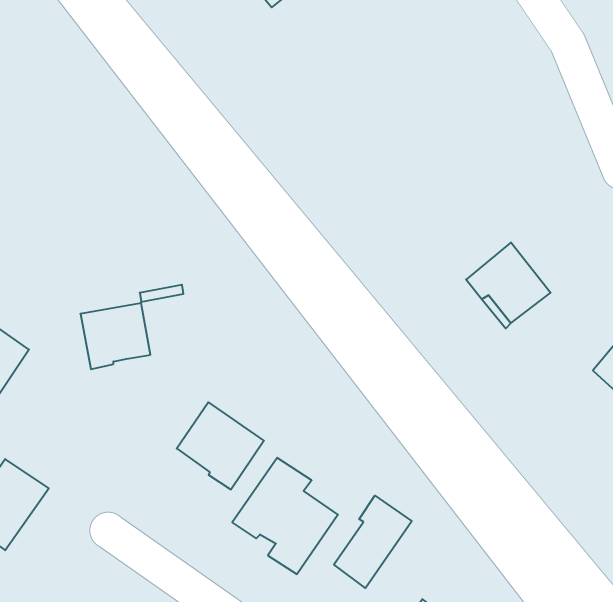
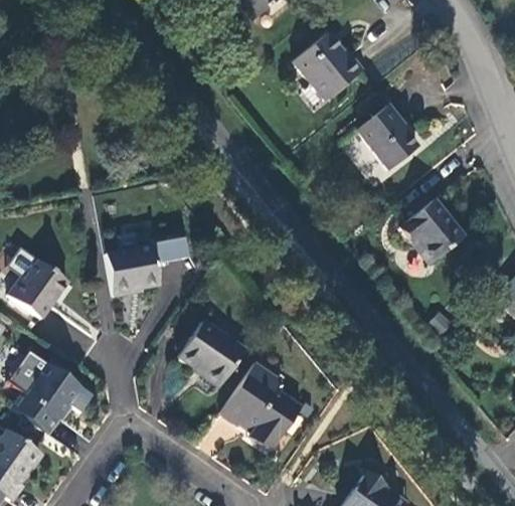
building: none -> [294,32,362,100]
building: none -> [359,105,418,168]
building: [334,496,412,588] -> none

